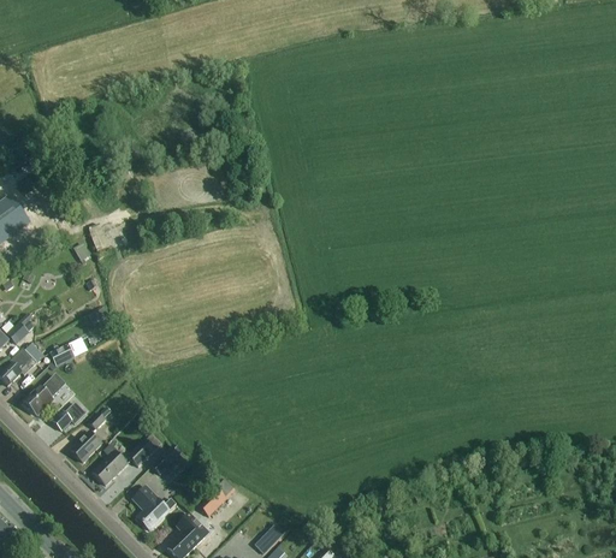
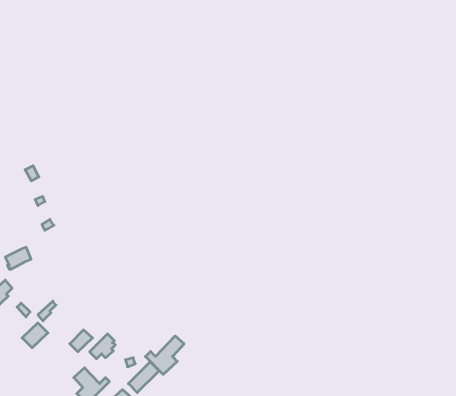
building: [93,444,126,486] -> none
building: none -> [145,336,184,374]

